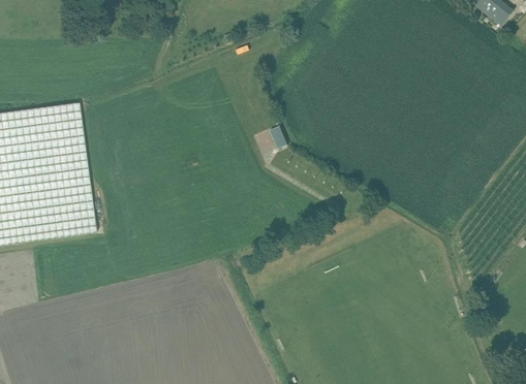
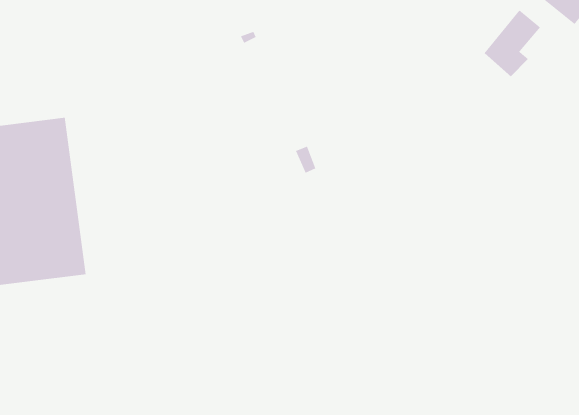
building: none -> [484,10,541,77]

